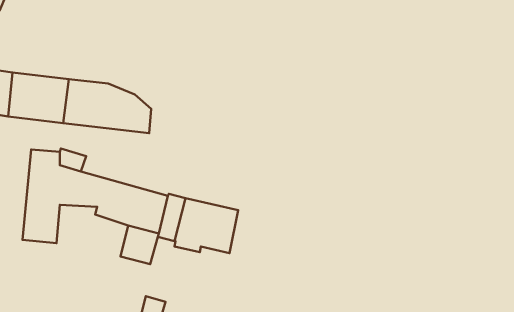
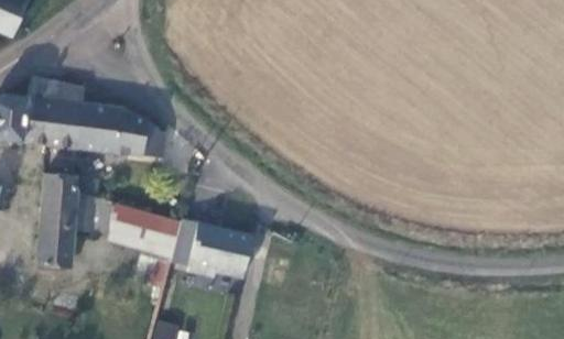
building: none -> [25,76,83,105]

